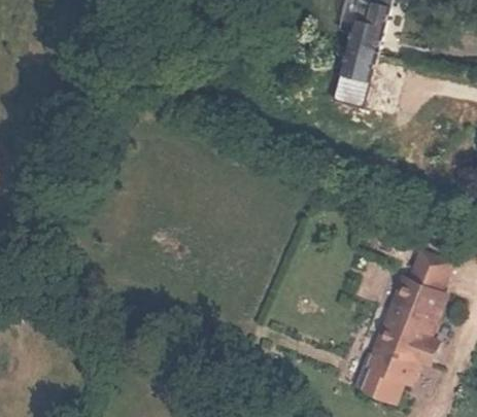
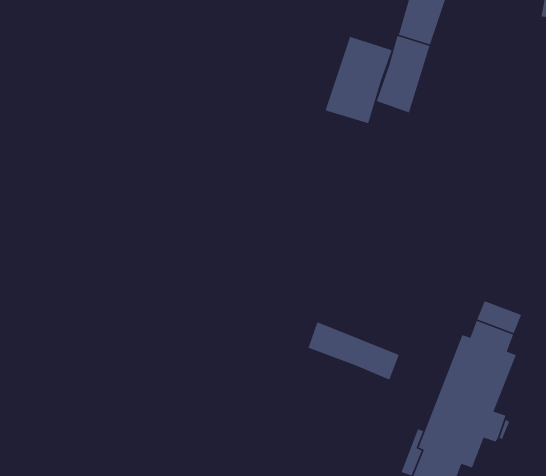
building: none -> [324,36,392,124]
building: none -> [307,321,400,380]

